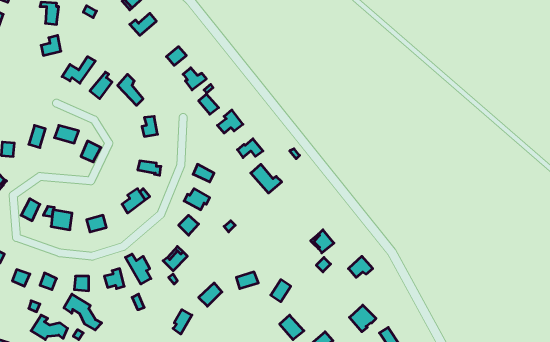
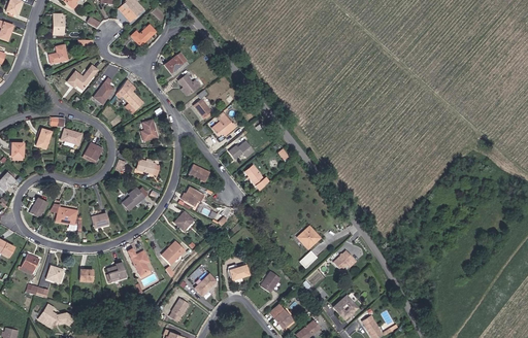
building: [64,294,102,330] -> none

